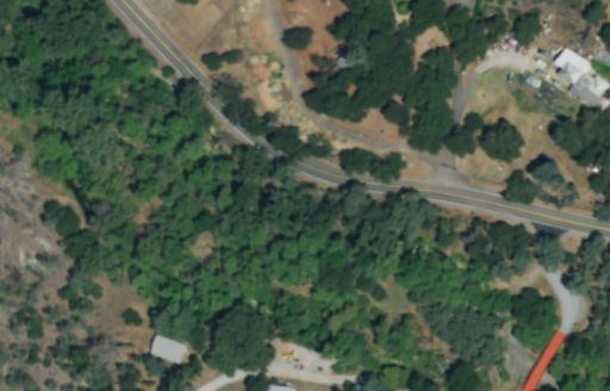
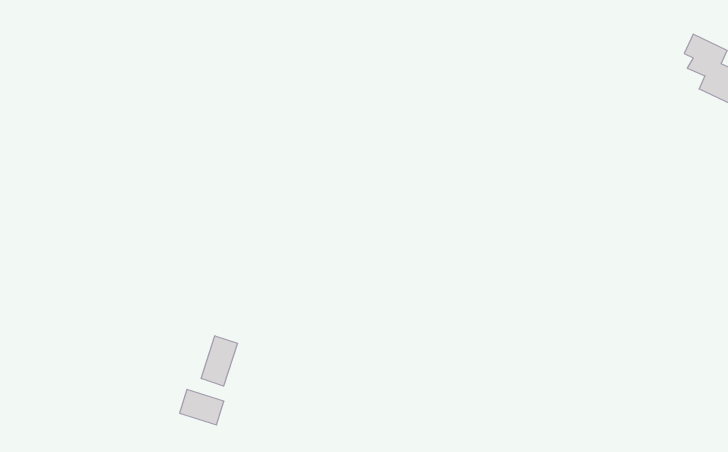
building: none -> [201,336,237,386]

